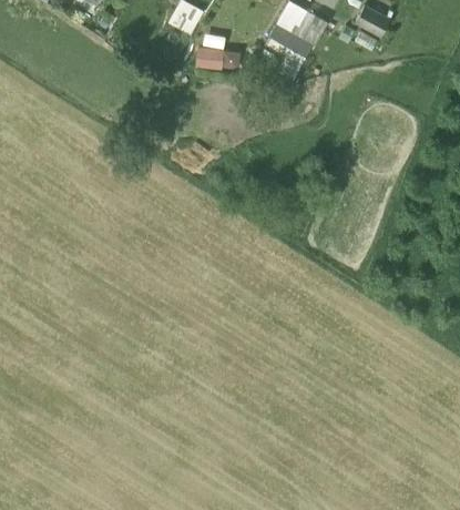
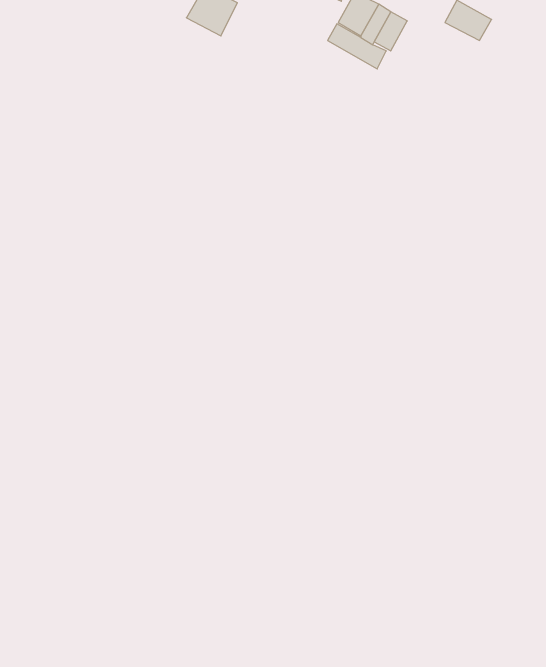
building: [192,43,223,68] -> none

